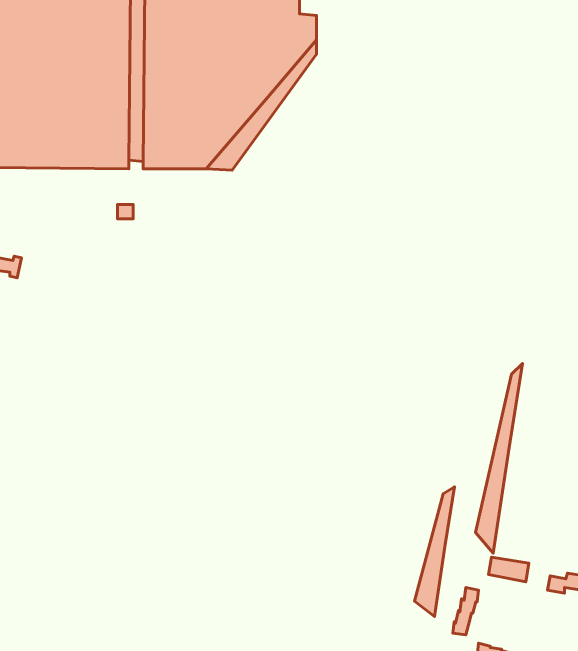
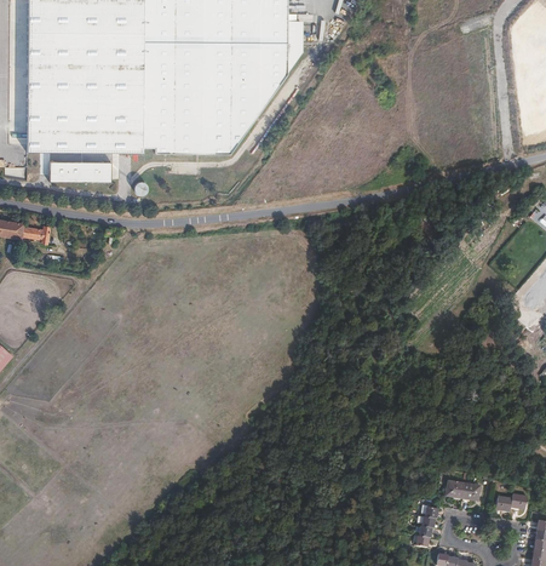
building: none -> [48,160,110,182]
building: [476,364,522,553] -> none
building: [414,487,454,617] -> none

